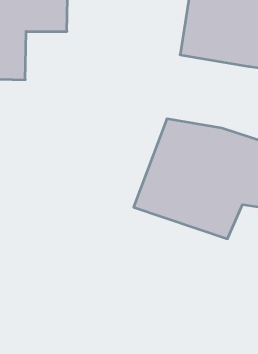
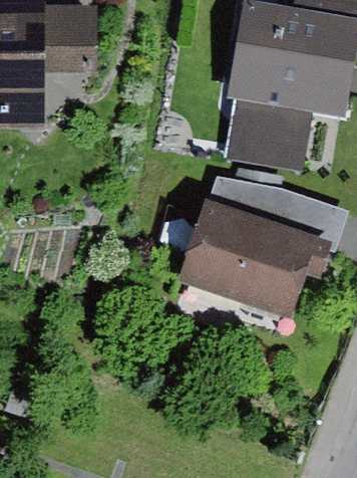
building: none -> [225,98,313,171]

